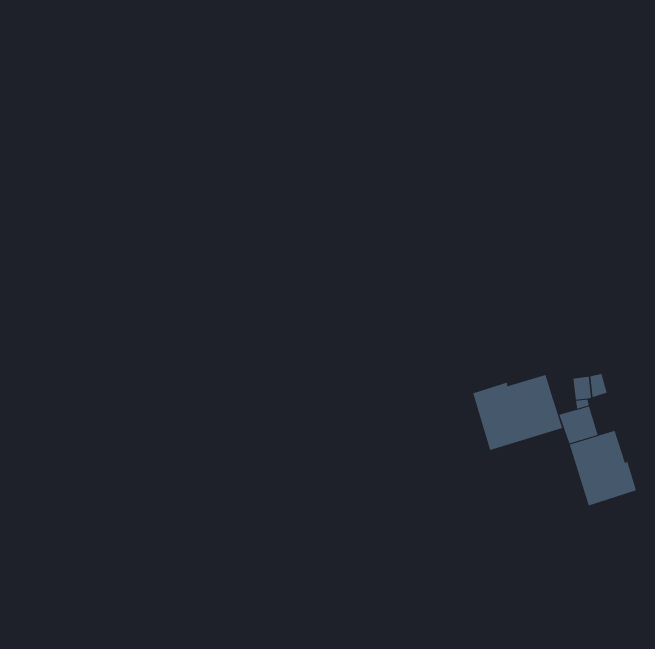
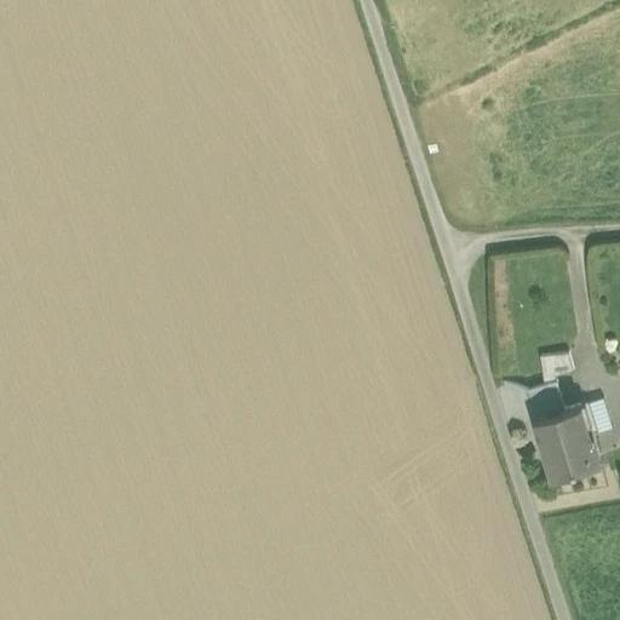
building: [472,374,563,451] -> none

